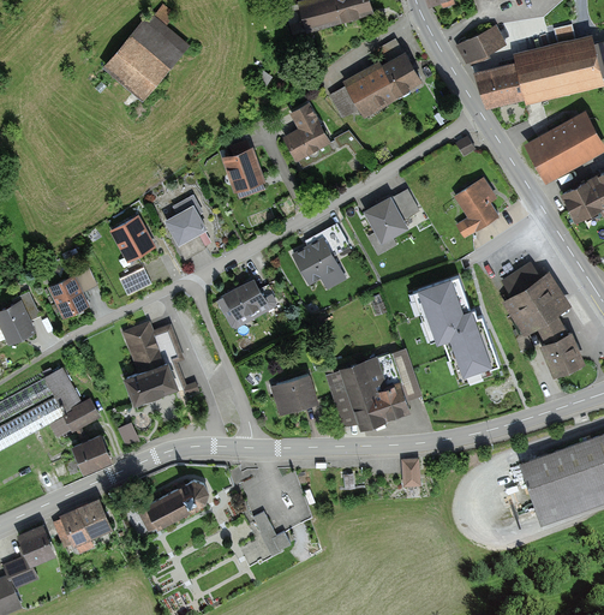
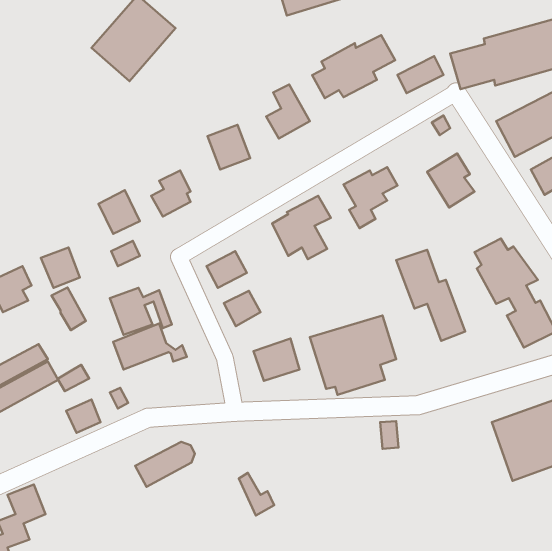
building: [456,25,504,64] -> [397,56,443,93]
building: none -> [224,291,260,326]
building: [46,369,82,413] -> [51,288,86,330]
building: [52,497,112,557] -> none

